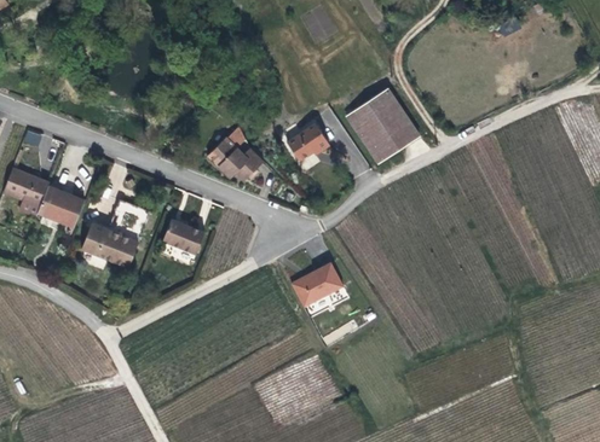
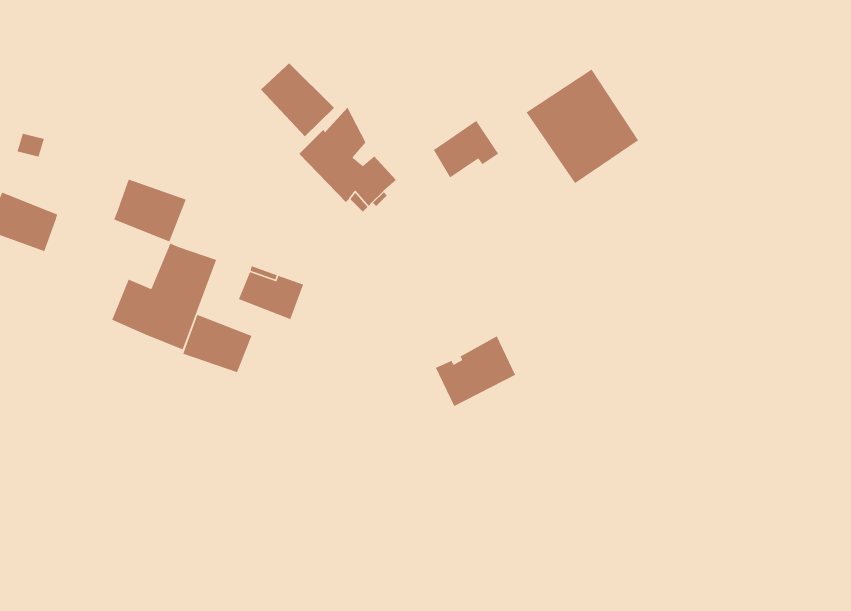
building: none -> [260,63,335,137]
building: [38,186,85,227] -> [113,178,187,243]
building: none -> [182,314,252,373]

